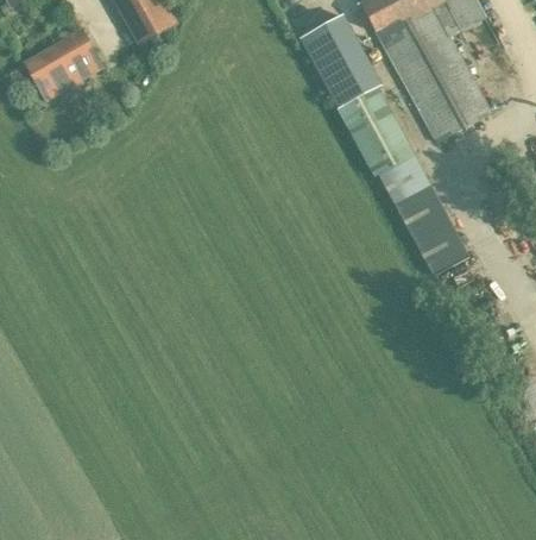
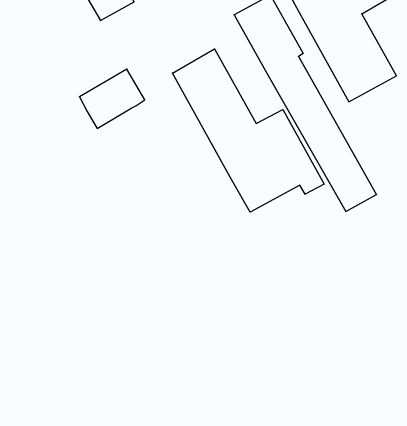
building: [24,29,102,100] -> [79,69,145,128]
building: none -> [172,49,324,212]

